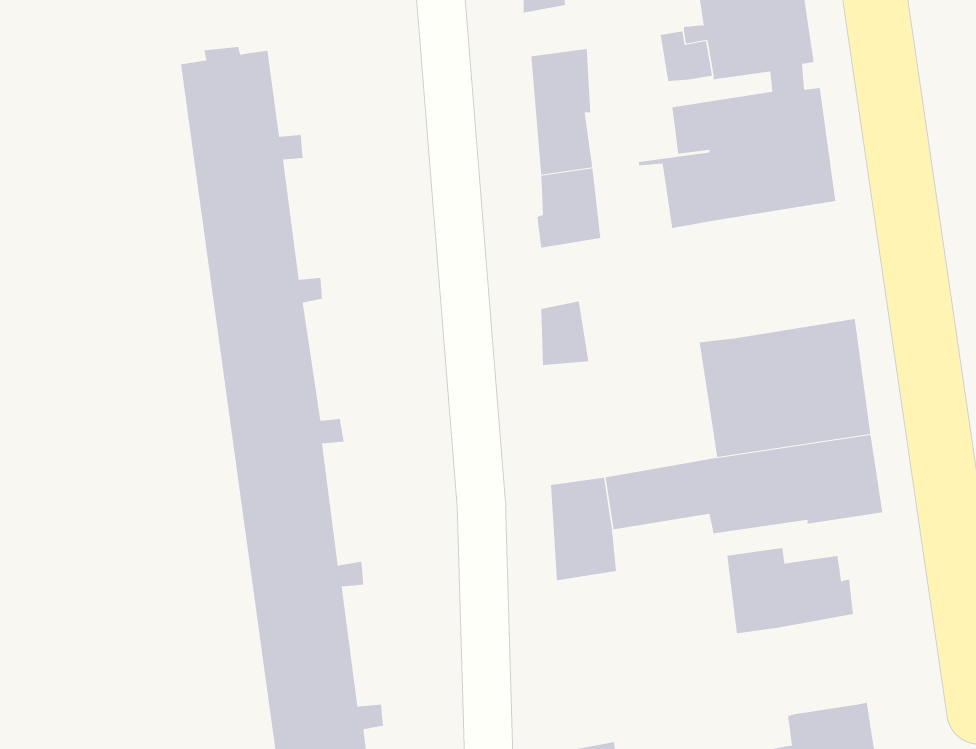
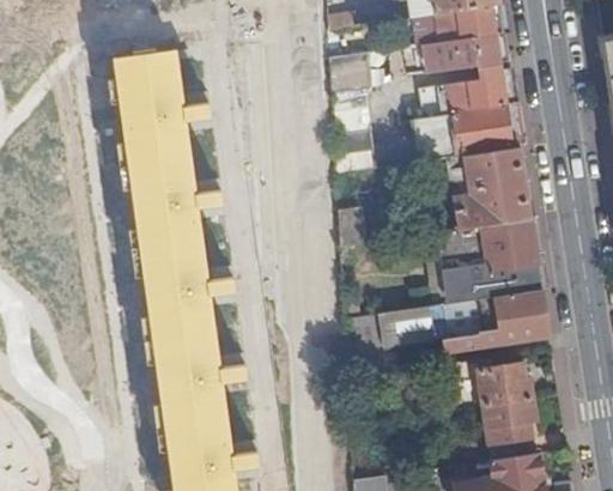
building: none -> [447,146,532,230]
building: none -> [485,399,534,460]

